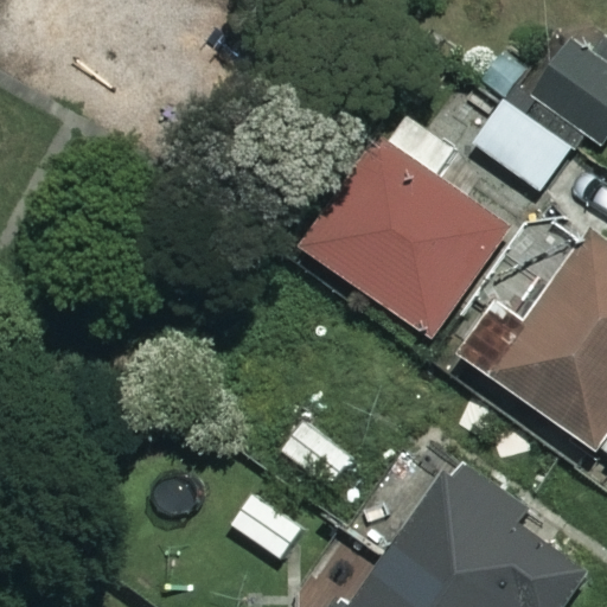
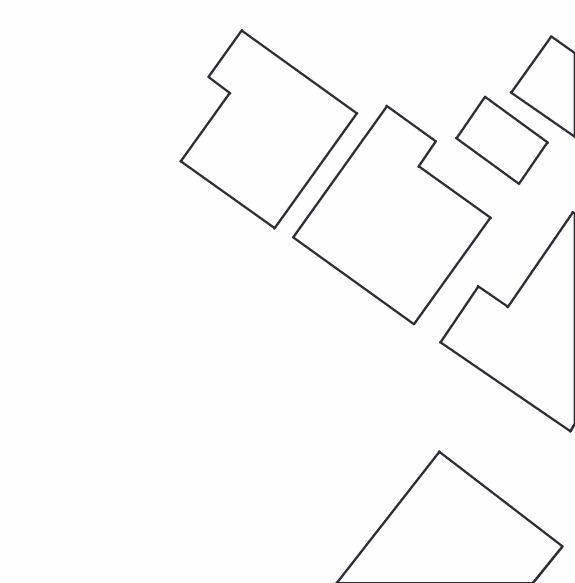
building: none -> [181,30,357,228]

